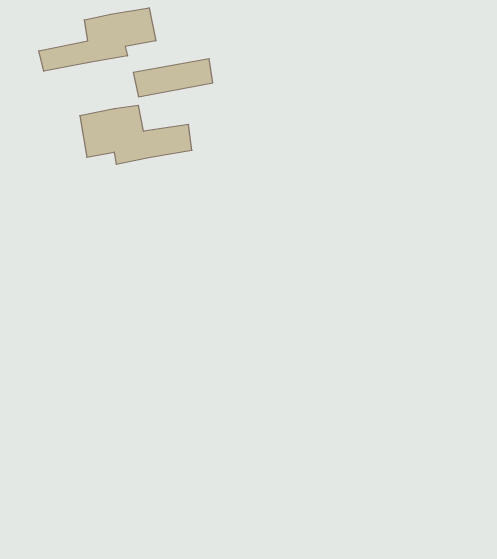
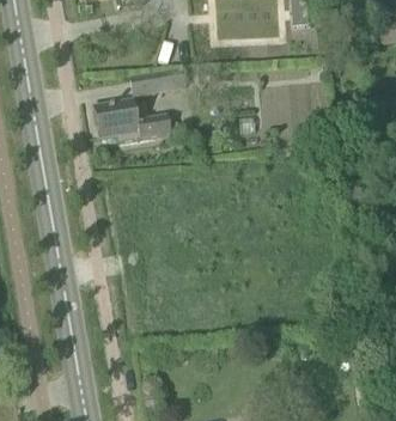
building: [39,8,156,71] -> none

